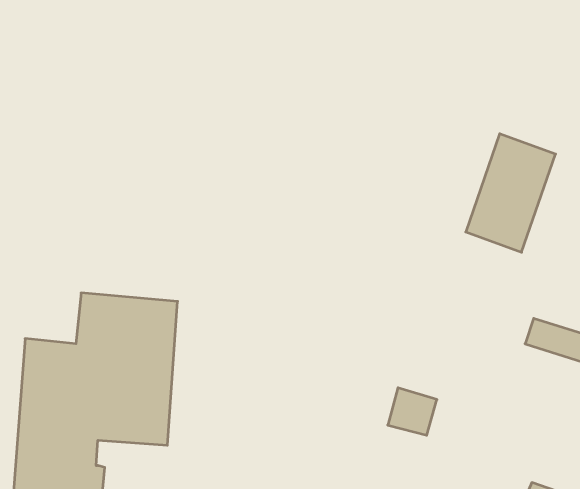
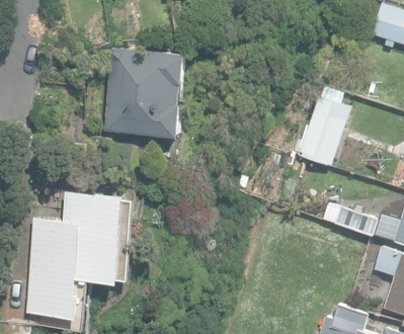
building: none -> [105,47,186,137]

